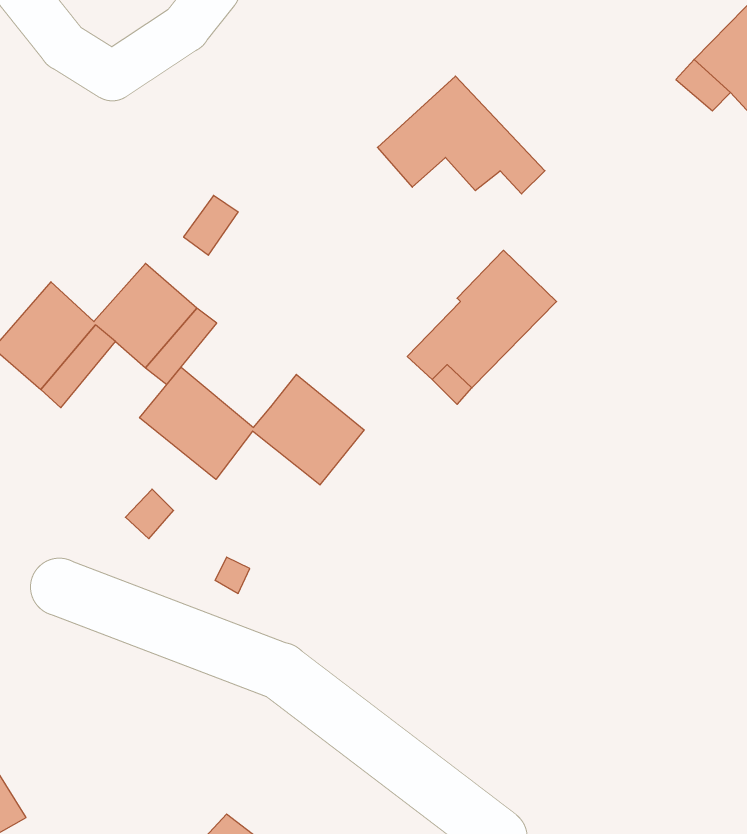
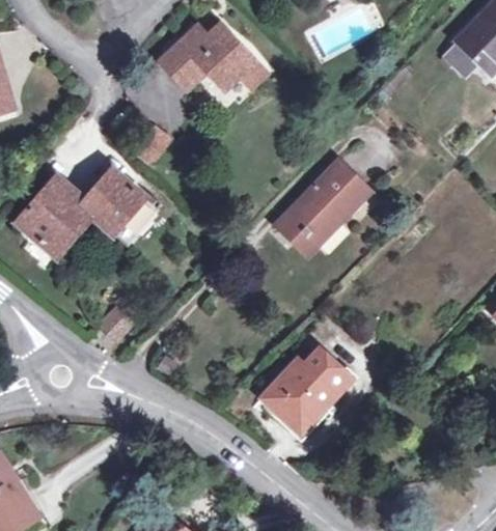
building: [377,76,545,194] -> [162,16,267,89]
building: [140,367,364,485] -> none
building: none -> [263,348,348,432]

